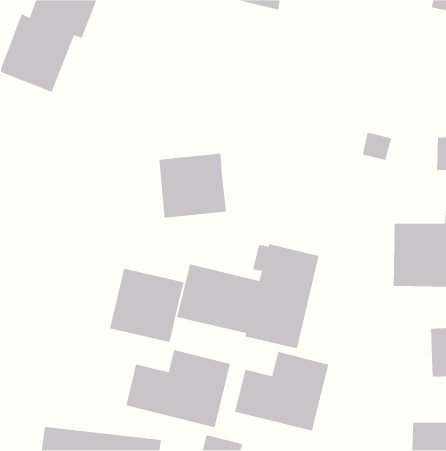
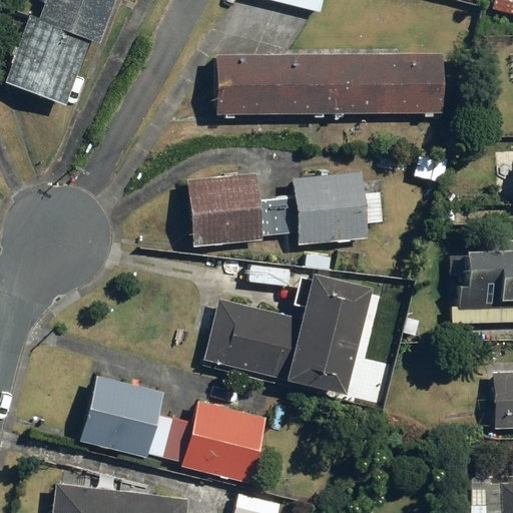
building: none -> [214,53,443,114]
building: none -> [260,172,373,247]
building: [109,268,184,343] -> [80,375,165,460]
building: [234,351,329,431] -> none

